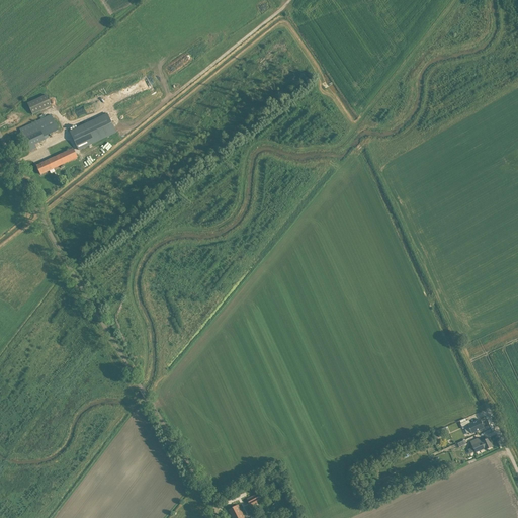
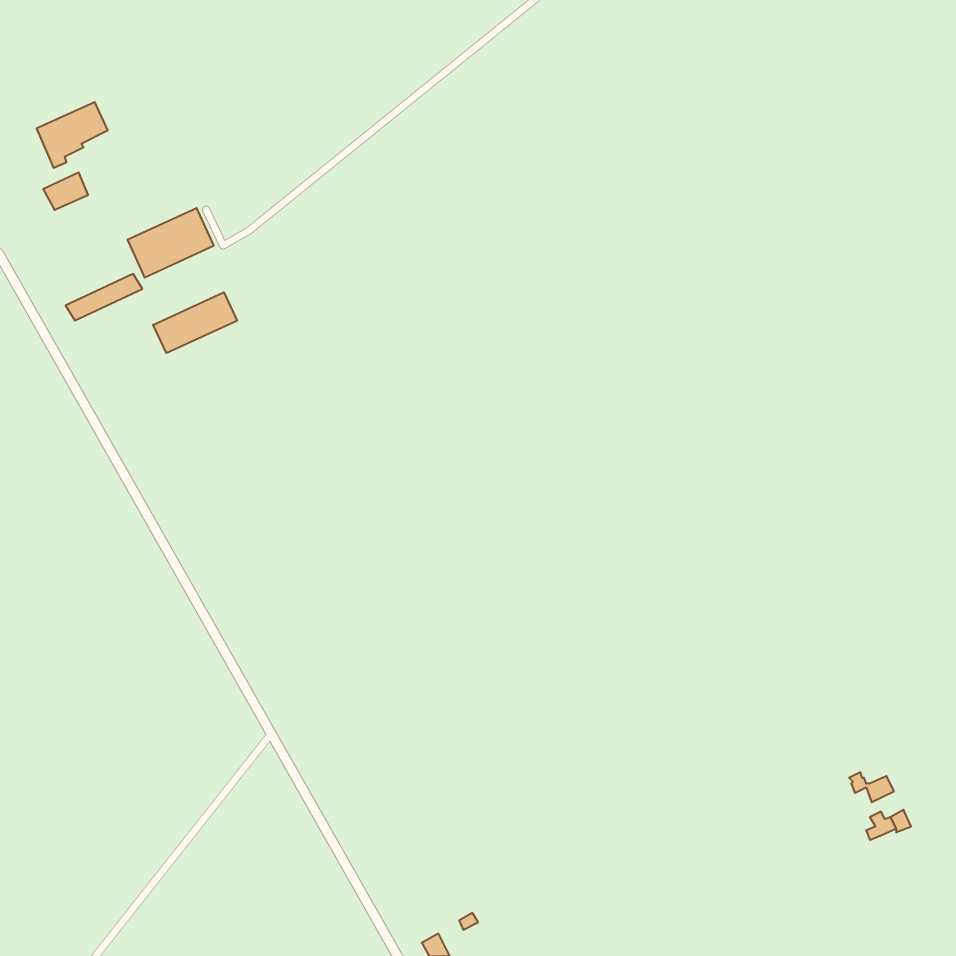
building: [19,114,58,150] -> [37,102,108,168]
building: none -> [153,292,237,353]

